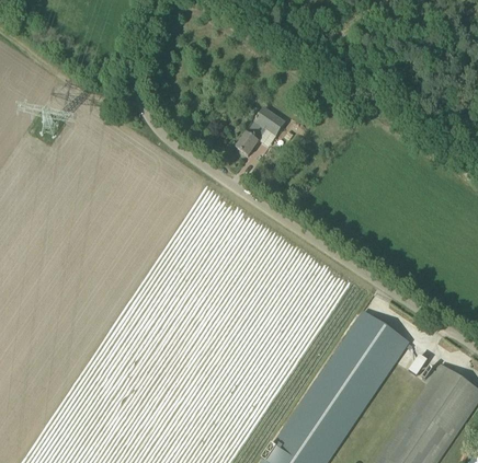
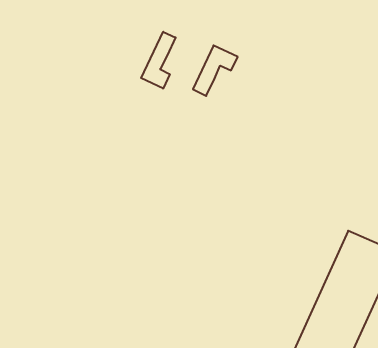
building: none -> [141,32,176,89]

